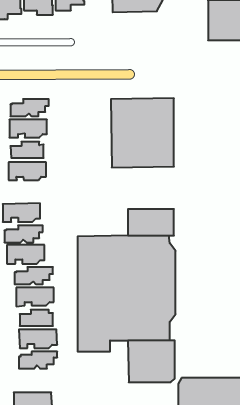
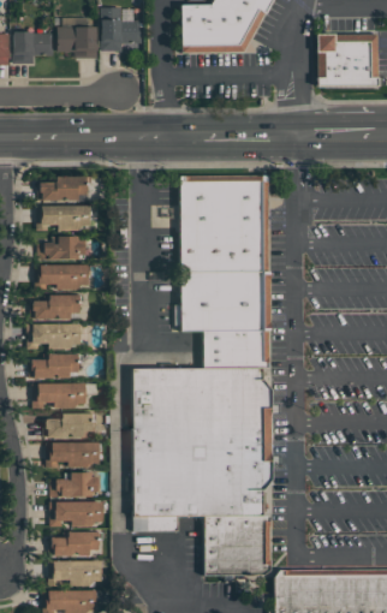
building: none -> [175,272,272,332]
building: none -> [31,296,85,320]
building: none -> [48,560,102,587]

